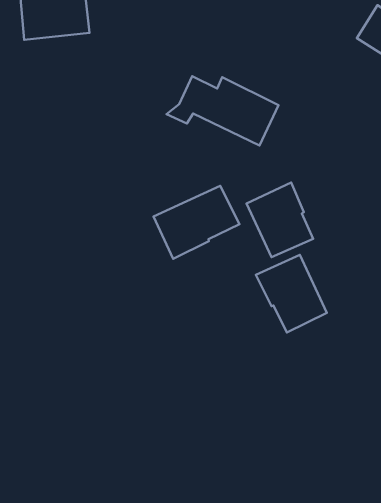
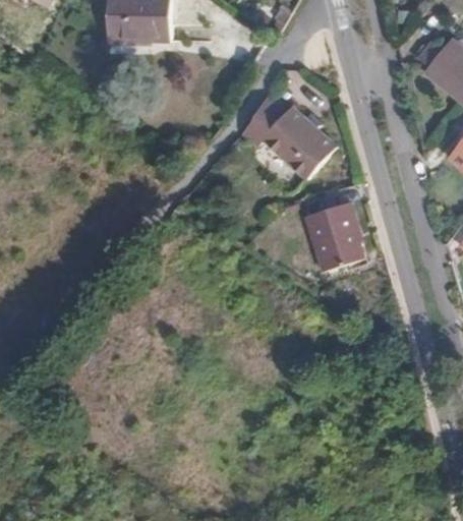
building: [154,186,239,259] -> none
building: [256,255,327,333] -> none

